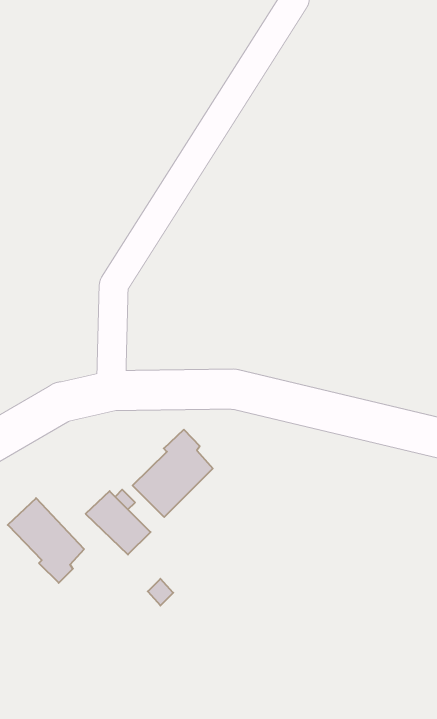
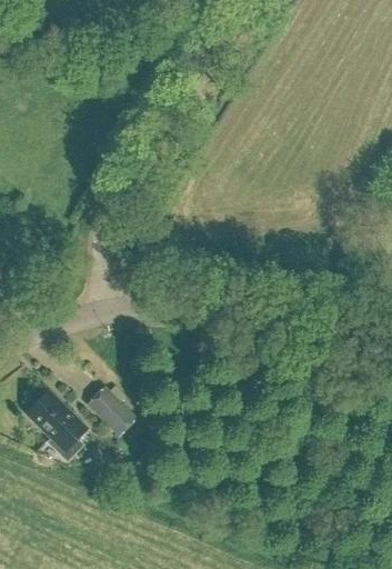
building: [133,430,213,517] -> none

